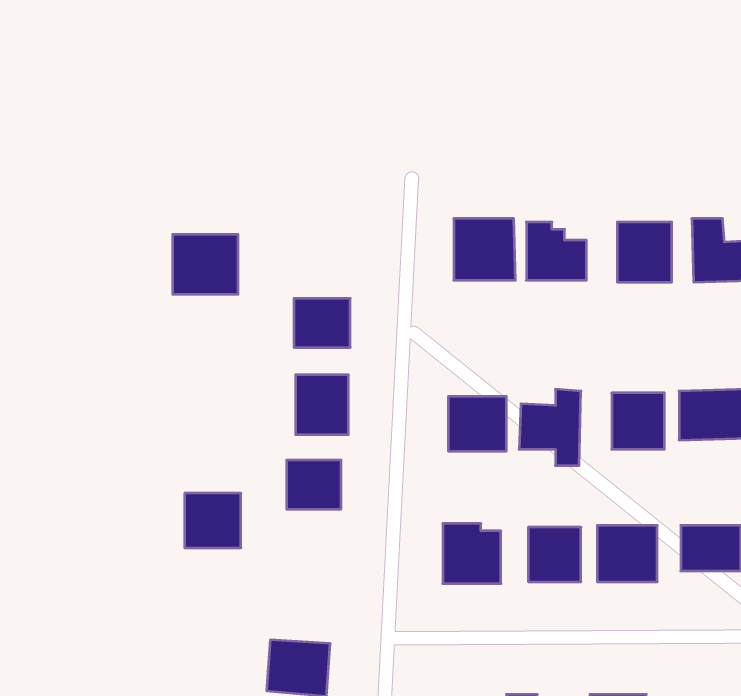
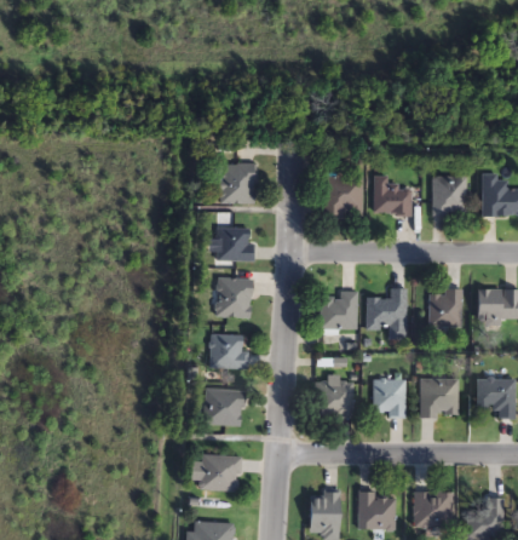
building: [173,234,238,294] -> [214,162,258,202]
building: [185,493,241,548] -> [205,389,242,425]

